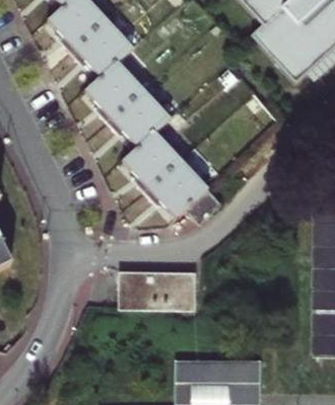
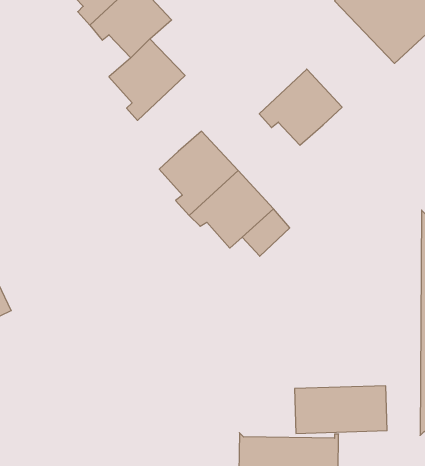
building: [107,90,169,147] -> [259,69,342,145]
building: [124,272,193,308] -> [295,386,387,433]

